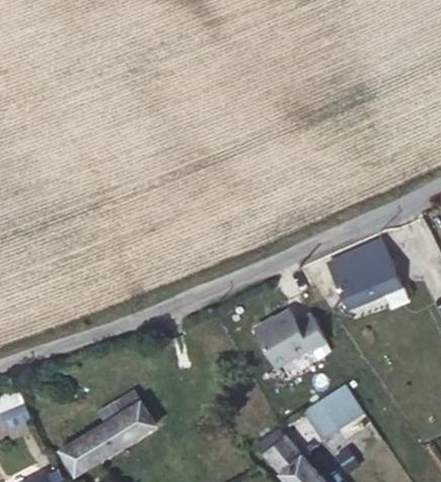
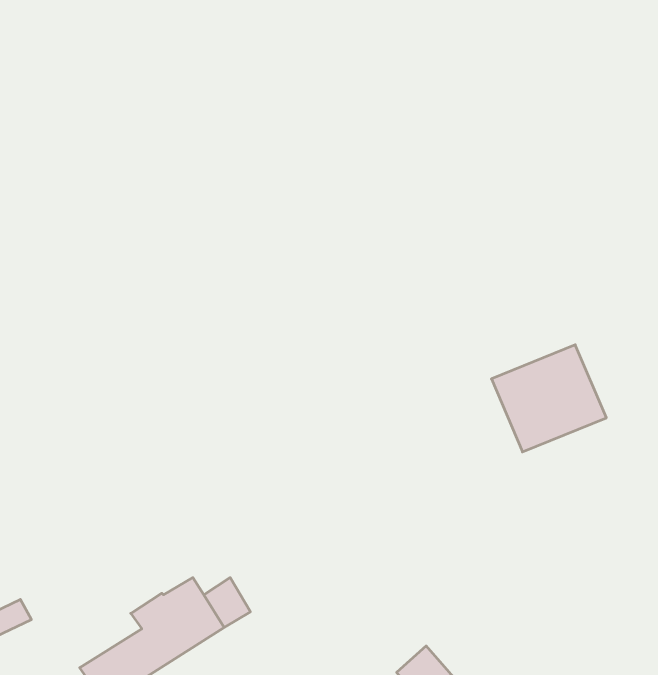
building: [254,312,325,366] -> none
building: [307,384,364,438] -> none

